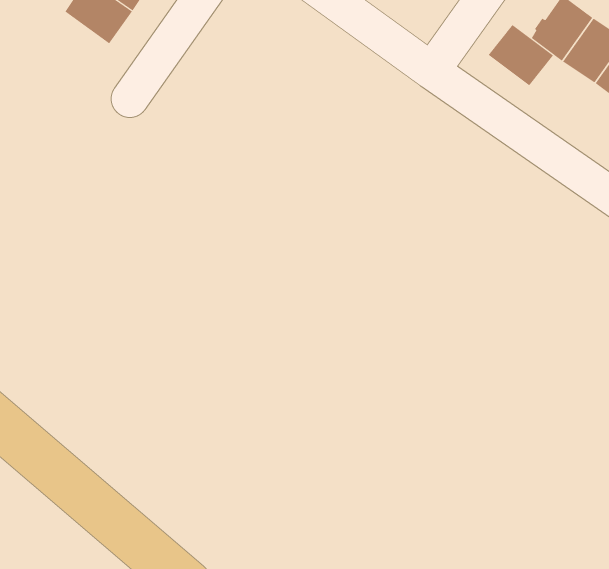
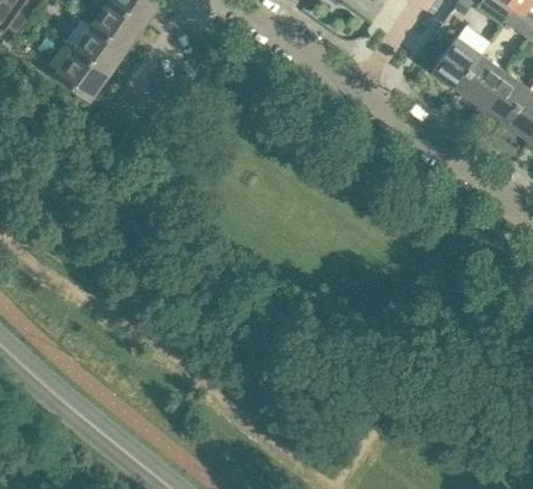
building: none -> [55,49,108,98]
building: [488,24,554,86] -> none

